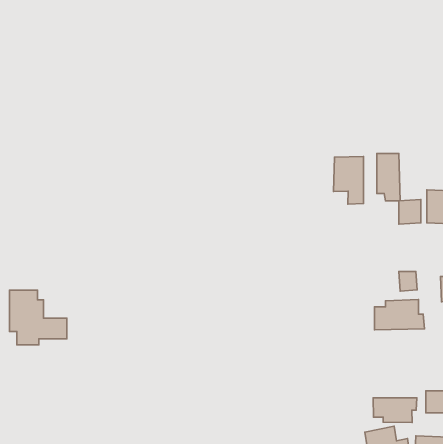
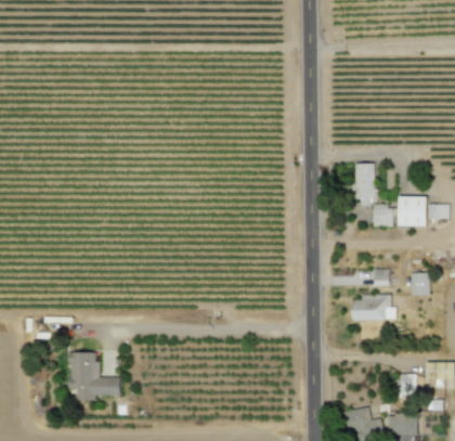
building: [334,157,364,204] -> none
building: [10,290,67,345] -> [69,352,120,401]
building: [373,398,417,423] -> none

